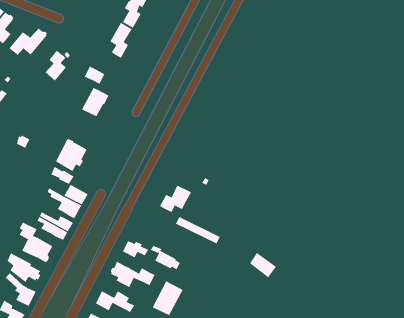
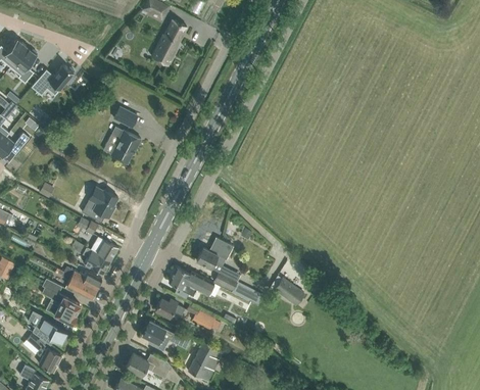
building: [110,22,132,58] -> none
building: [44,50,67,82] -> none
building: none -> [169,267,214,297]
building: [249,252,277,278] -> [274,278,304,306]

